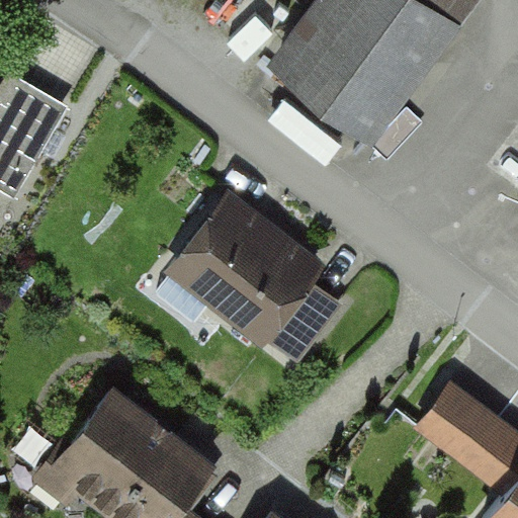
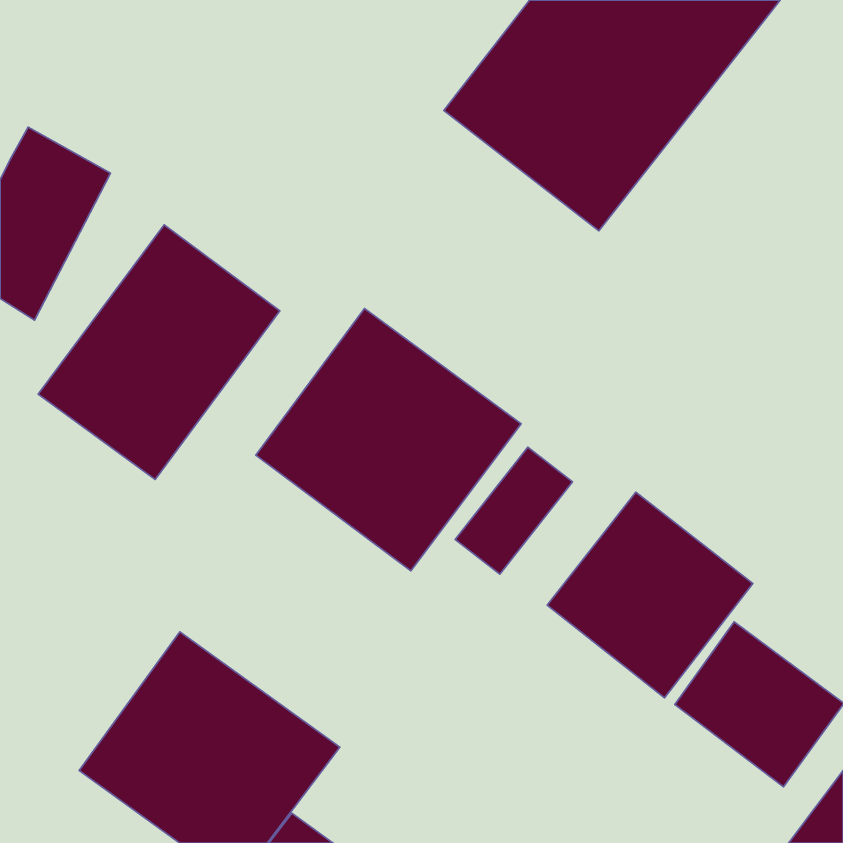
building: none -> [38,225,280,479]
building: none -> [547,492,753,698]

